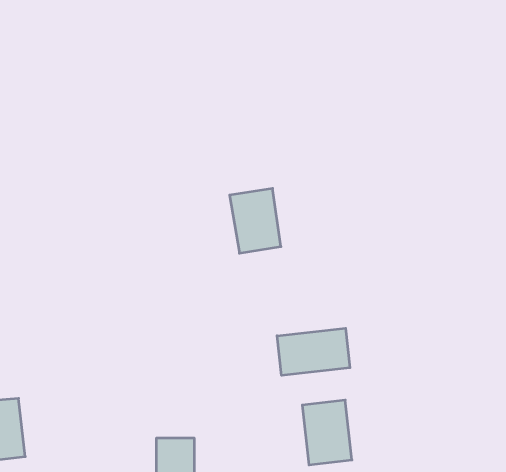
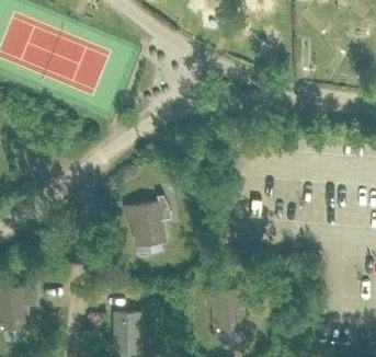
building: [230,188,281,253] -> [130,203,164,245]
building: [277,328,350,375] -> none

